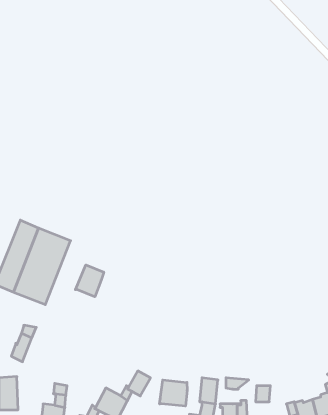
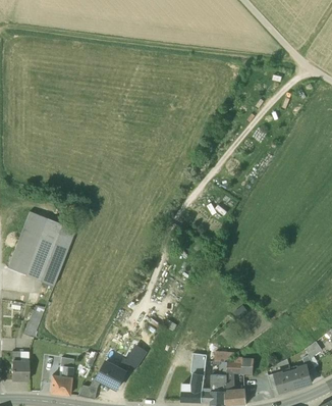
building: [75,265,104,297] -> none
building: [160,380,187,406] -> none

